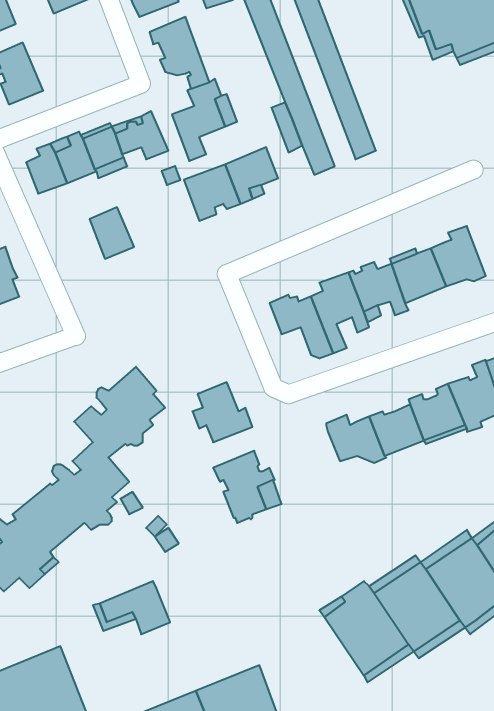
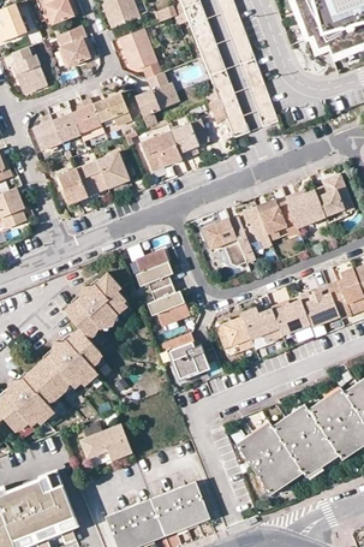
building: none -> [54,26,93,67]
building: none -> [95,153,129,189]
building: none -> [55,170,86,206]
building: none -> [136,250,172,292]
building: none -> [217,319,255,352]

